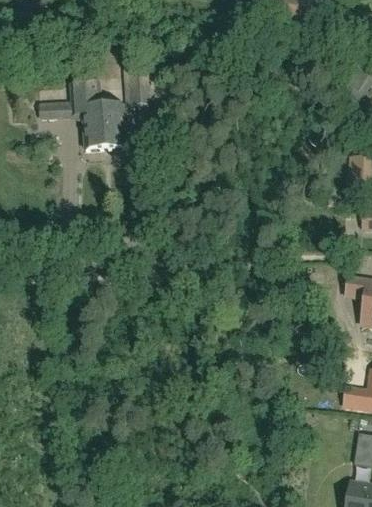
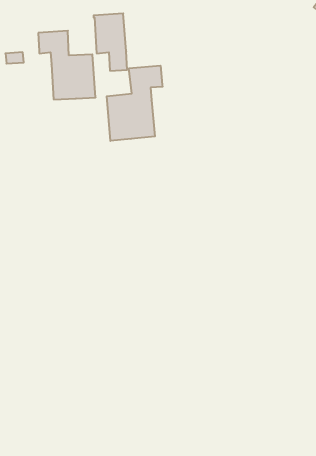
building: none -> [107,66,163,141]

